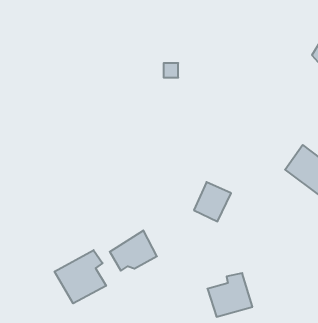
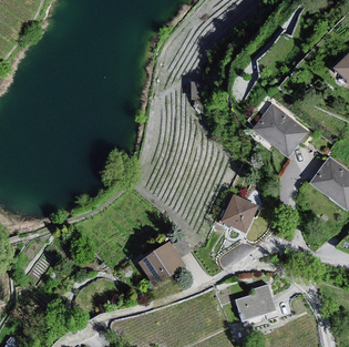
building: none -> [253,102,308,156]
building: [55,250,106,303] -> none

